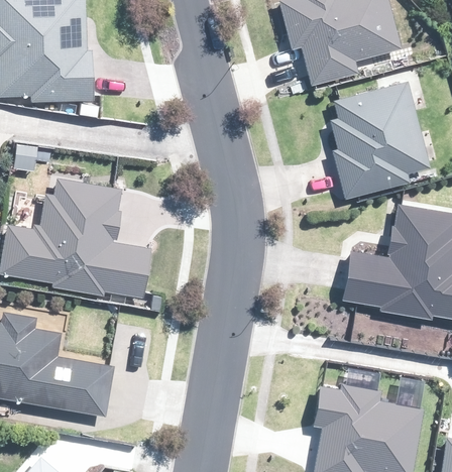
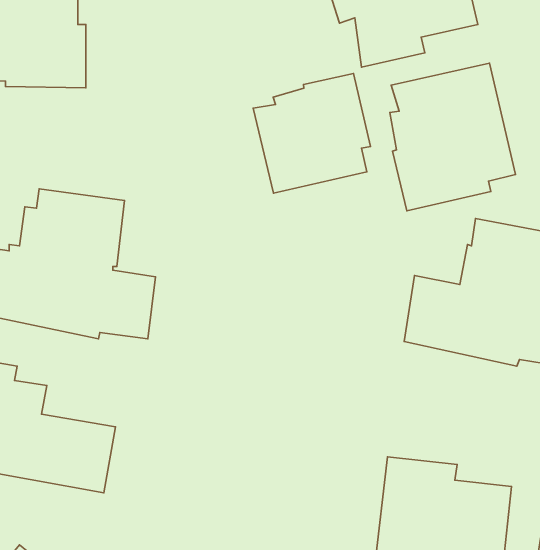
building: none -> [253,73,370,193]

